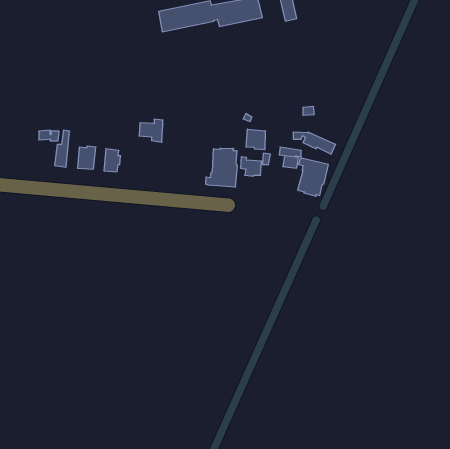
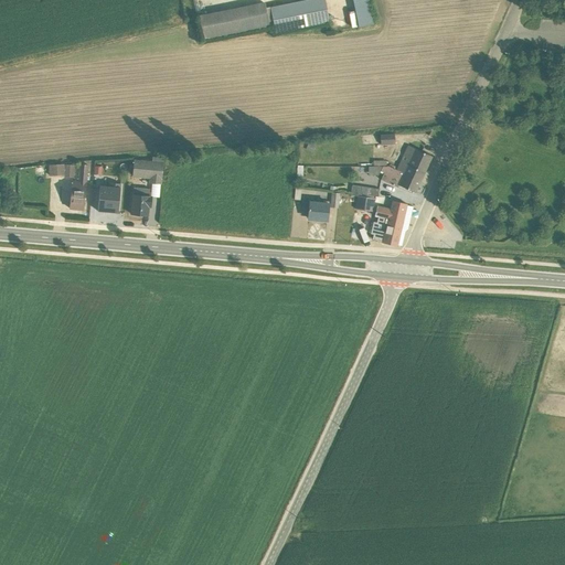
building: none -> [395,145,431,181]
building: [139,119,163,142] -> [132,156,162,184]
building: [246,129,265,150] -> none
building: [206,148,237,187] -> none

